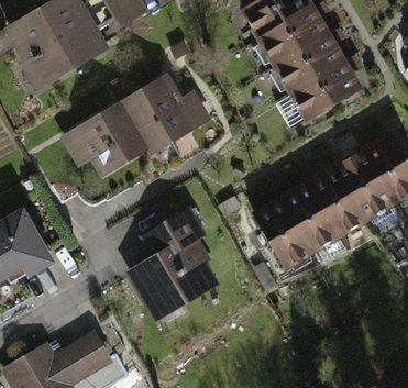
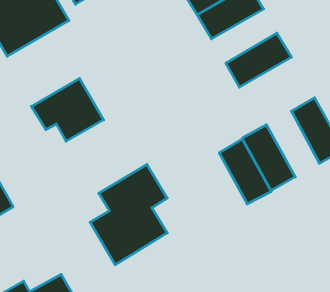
building: [269,30,344,91] -> none
building: [123,76,208,156] -> none
building: [333,147,393,221] -> none
building: [251,193,310,268] -> none

